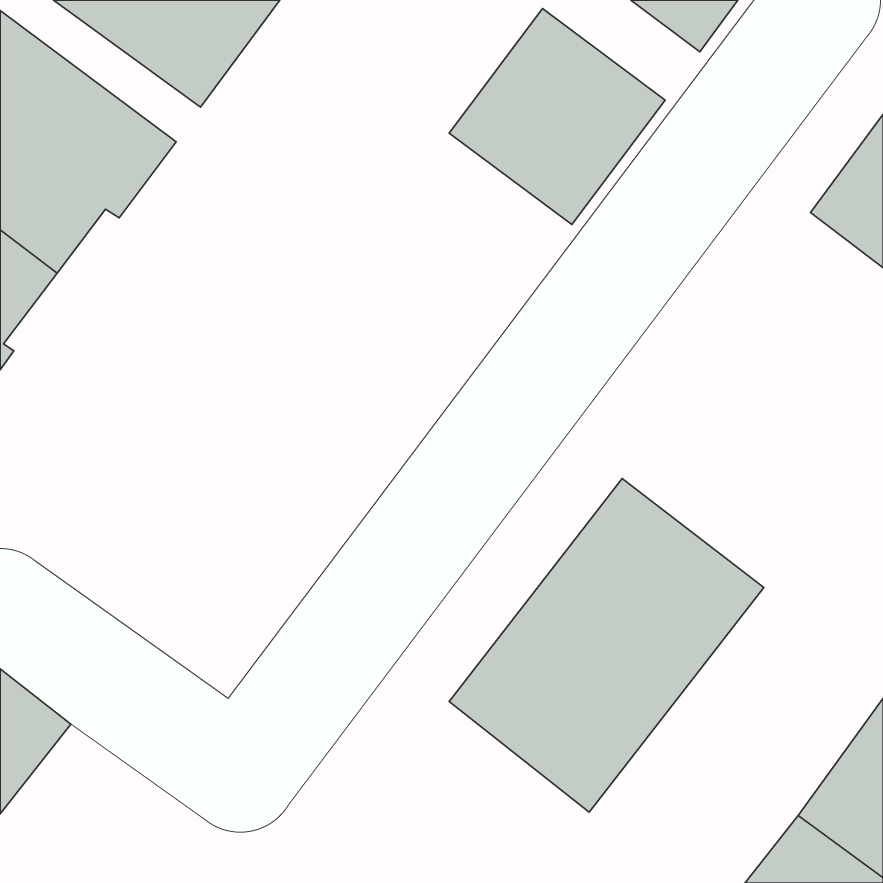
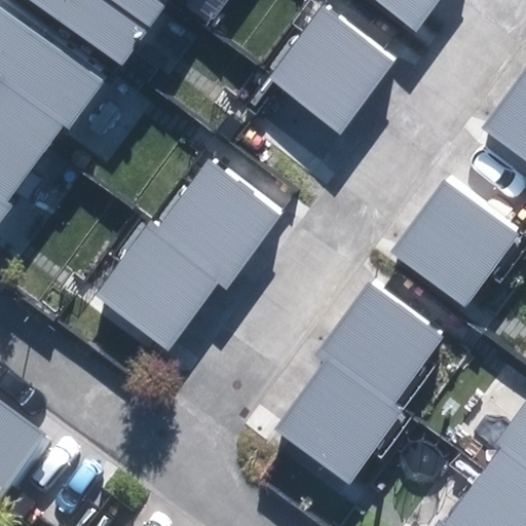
building: none -> [91,153,278,351]
building: none -> [390,180,519,307]

